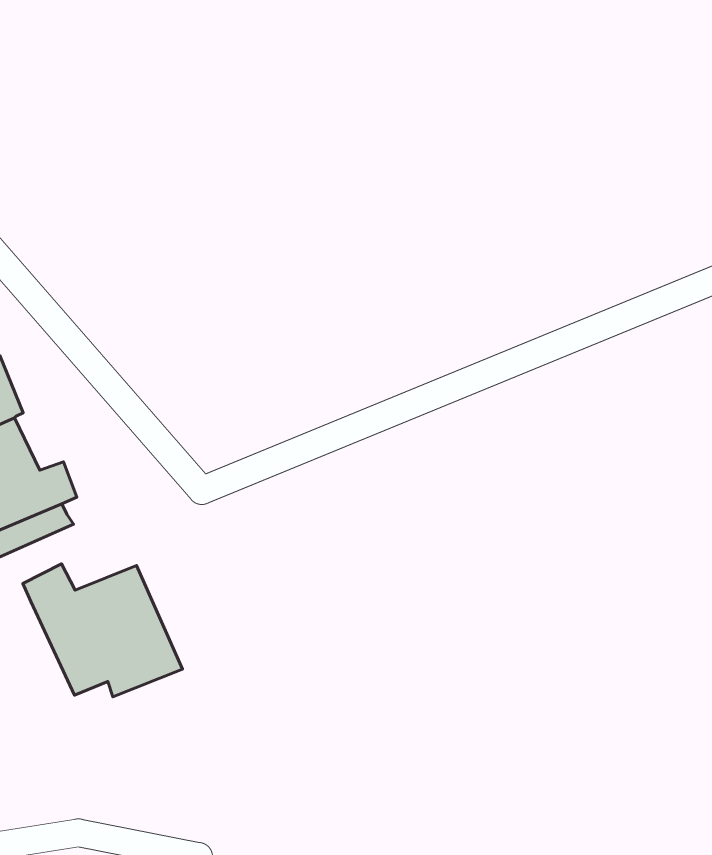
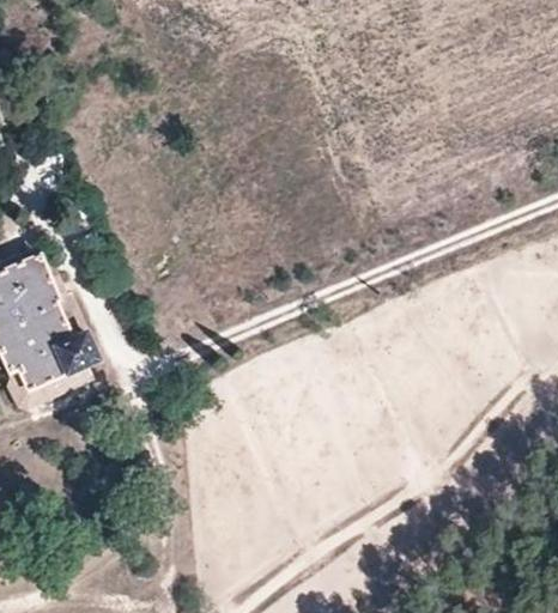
building: [23,564,182,697] -> none

